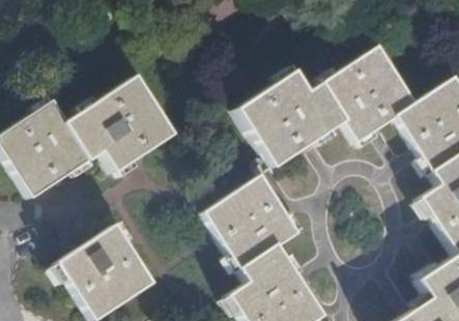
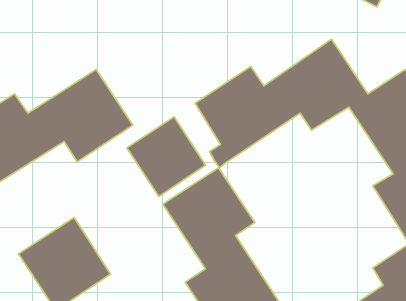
building: none -> [127,117,206,197]

